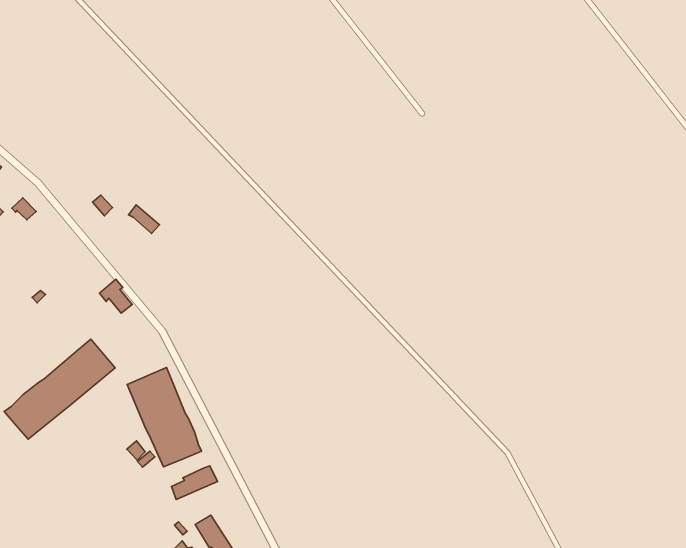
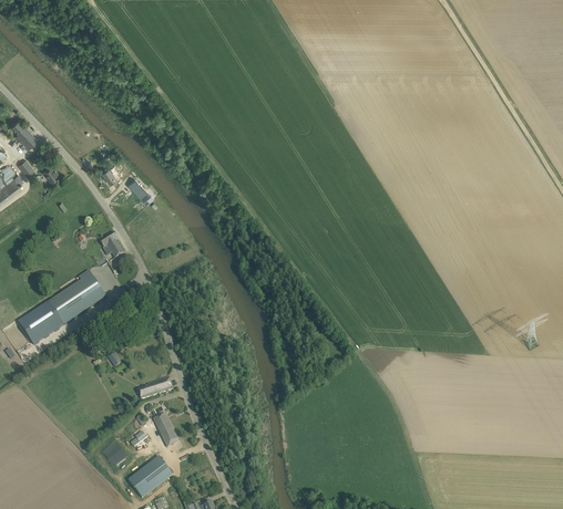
building: [127,368,202,467] -> none

